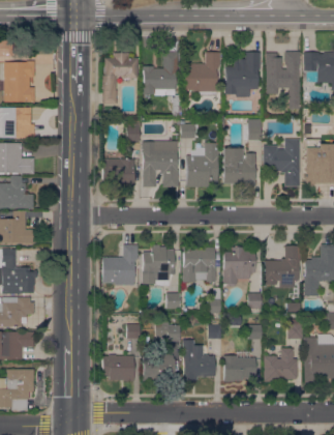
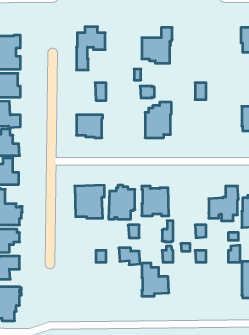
building: [142,52,179,89] -> none
building: [224,52,261,95] -> none
building: [266,52,300,108] -> none
building: [264,139,300,186] -> none
building: [143,141,179,186] -> none
building: [223,148,256,186] -> none
building: [223,245,256,286] -> none
building: [265,348,298,382] -> none
building: [101,354,134,381] -> none
building: [143,354,175,381] -> none
building: [223,355,256,380] -> none

